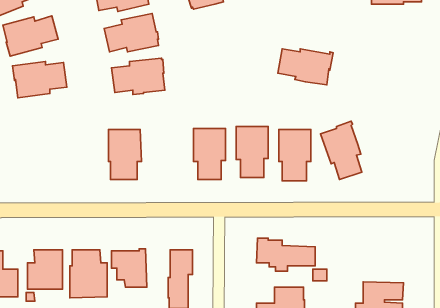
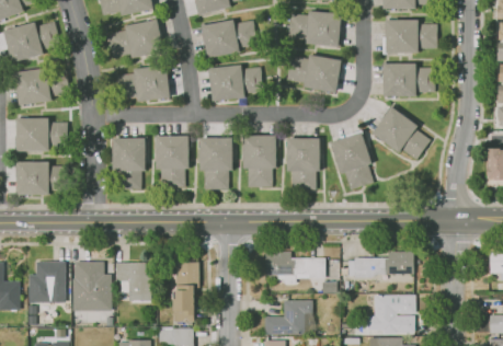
building: none -> [288,10,341,47]
building: none -> [202,19,258,58]
building: none -> [382,20,436,54]
building: none -> [207,62,263,101]
building: none -> [384,62,434,96]
building: none -> [371,106,430,160]
building: none -> [14,118,68,151]
building: none -> [156,136,188,187]
building: none -> [15,160,66,194]
building: none -> [354,252,413,278]

